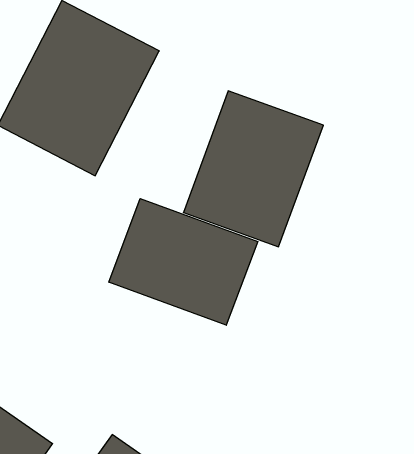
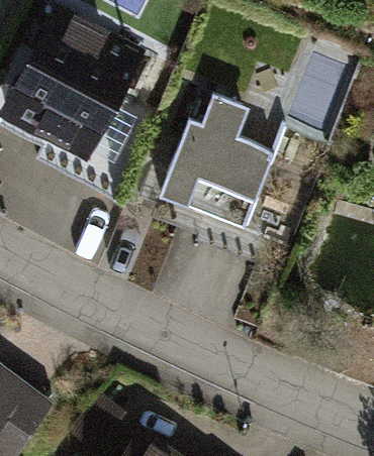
building: [109,199,258,325] -> none

